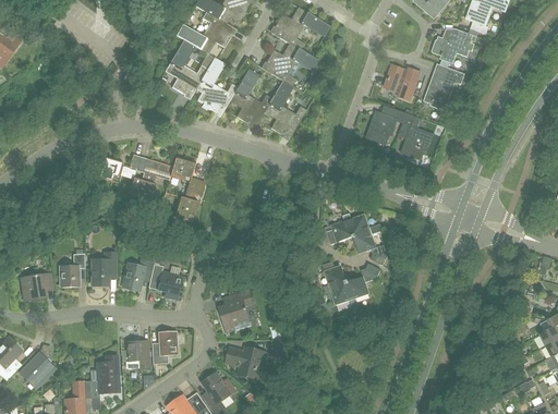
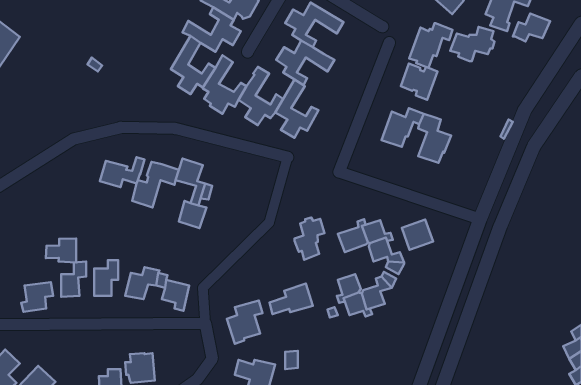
building: none -> [513,14,550,41]
building: [422,66,463,109] -> [409,23,453,68]
building: none -> [294,217,325,260]
building: none -> [402,220,433,250]
building: none -> [46,239,76,262]
building: none -> [270,284,313,314]
building: [150,331,175,363] -> none

